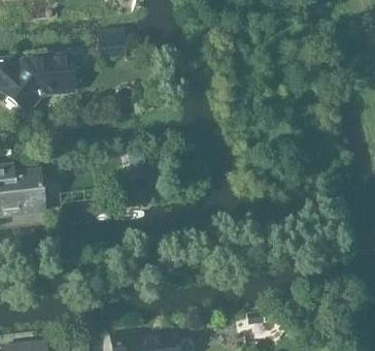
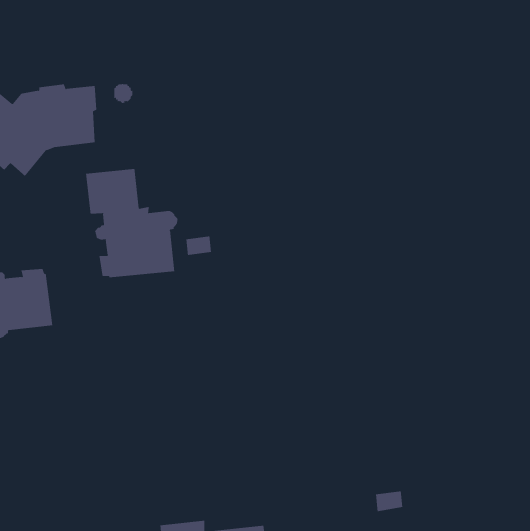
building: none -> [86,168,178,278]

